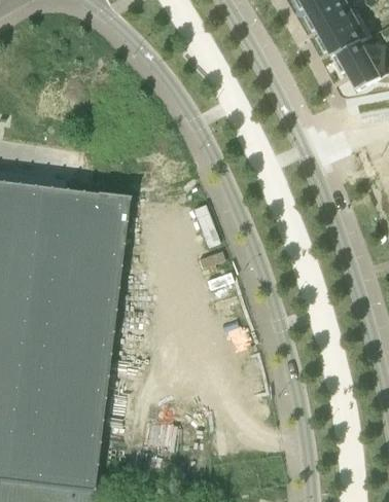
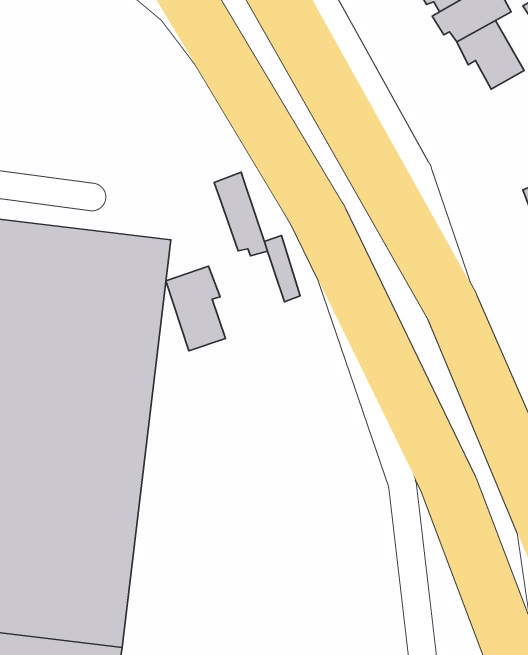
building: none -> [214,172,267,256]
building: none -> [166,266,226,351]

